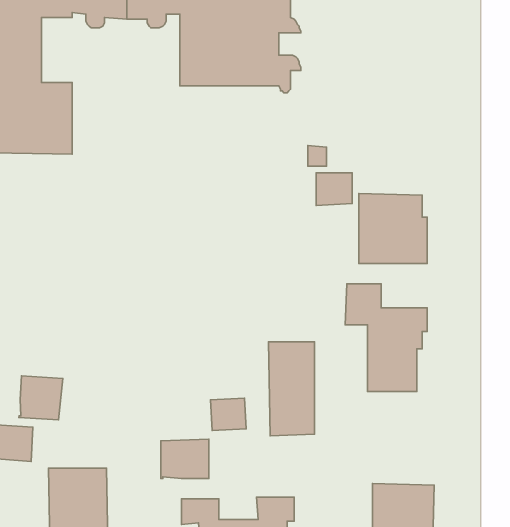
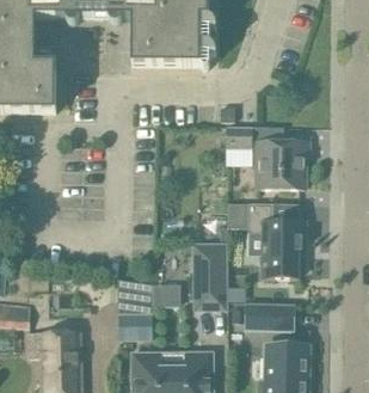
building: [19,376,63,420] -> none
building: none -> [246,302,294,328]

